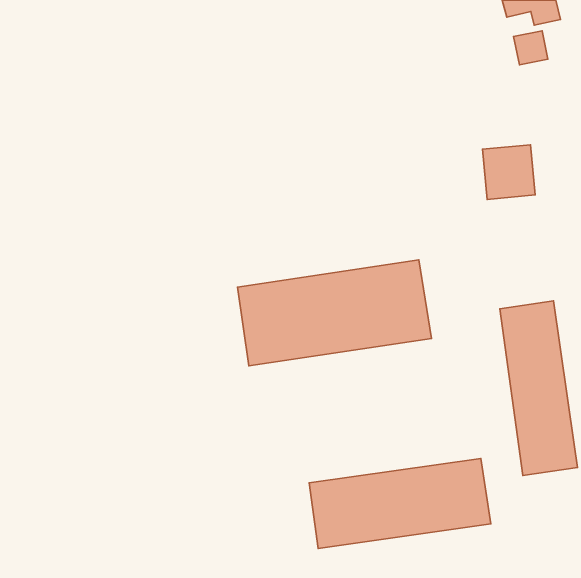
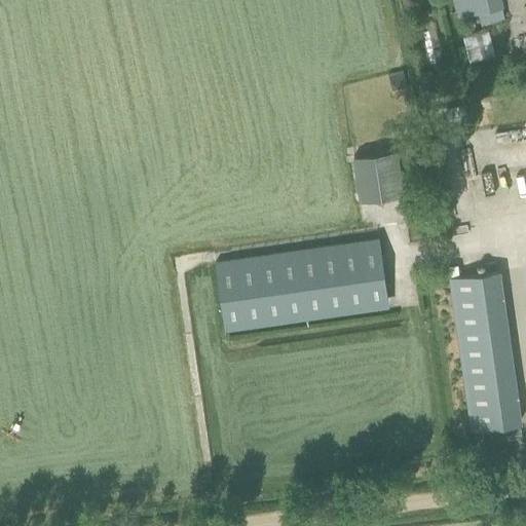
building: [483,145,535,199] -> [353,152,401,201]
building: [309,458,491,548] -> none

